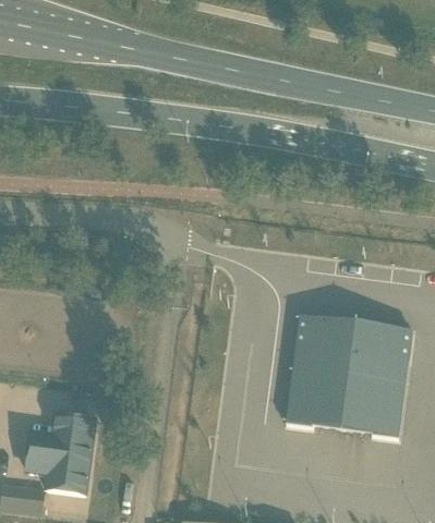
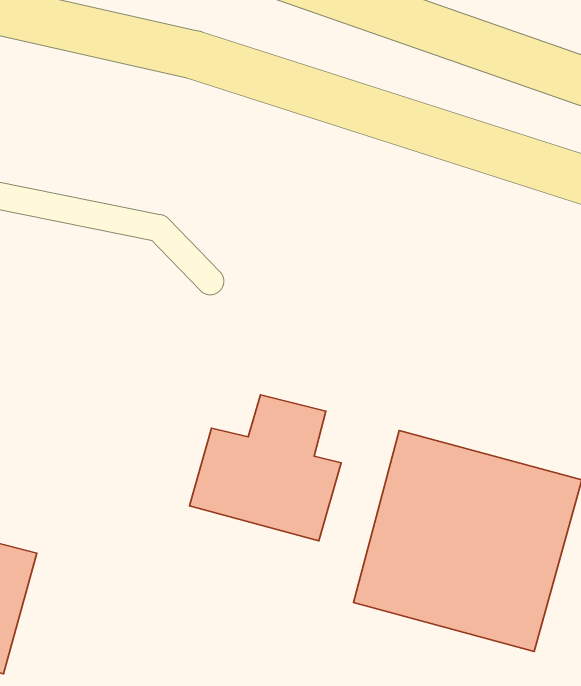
building: none -> [189,395,341,541]

